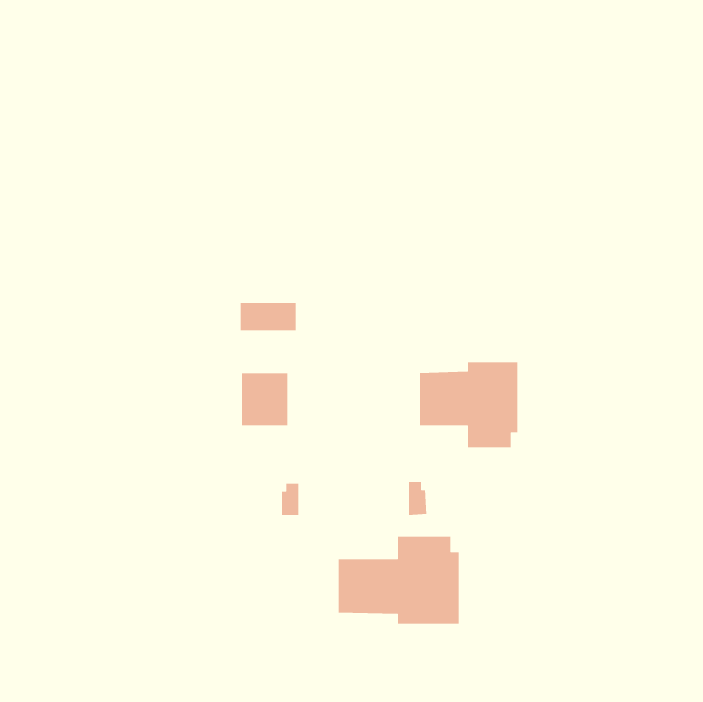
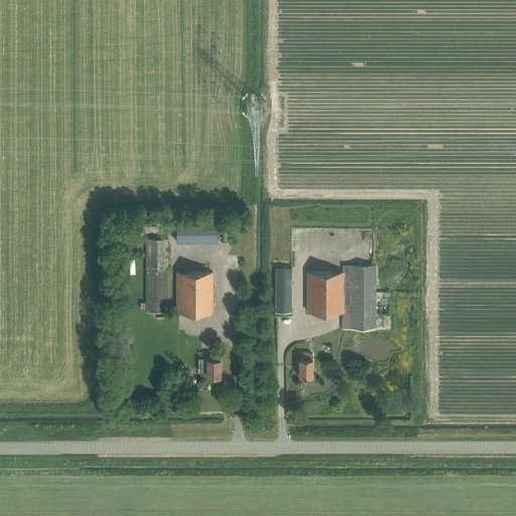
building: none -> [144,241,167,313]
building: none -> [274,270,290,314]
building: [338,536,460,624] -> none

